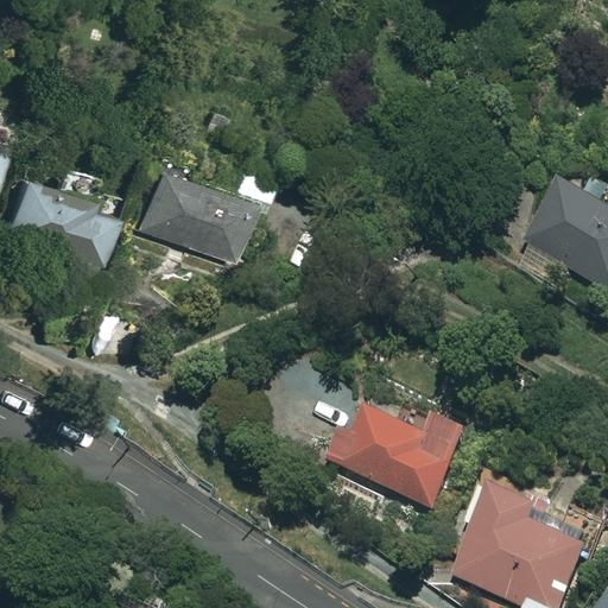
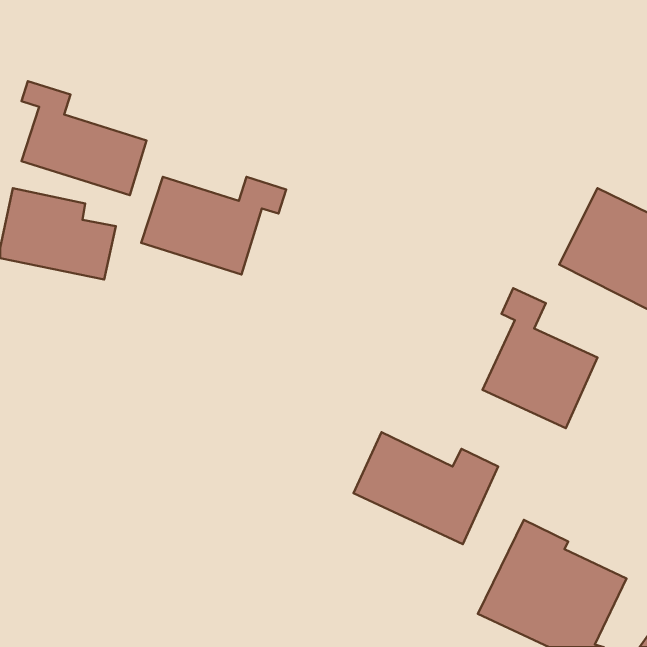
building: none -> [21,81,146,195]
building: none -> [482,288,598,428]

